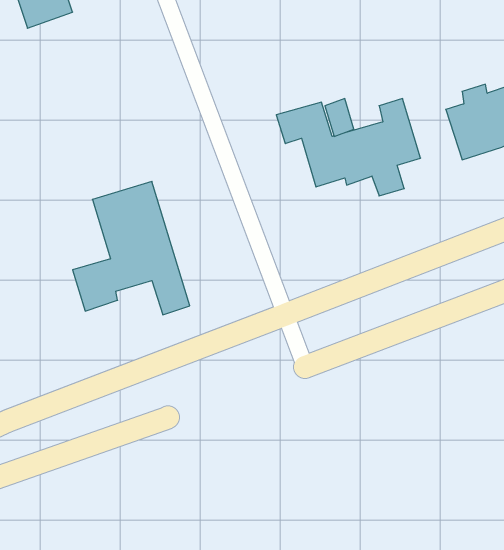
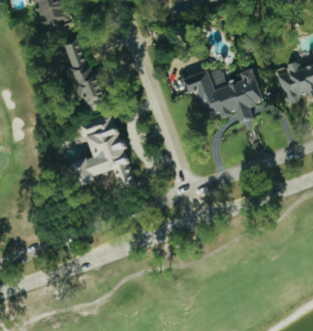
building: none -> [62,37,103,112]

